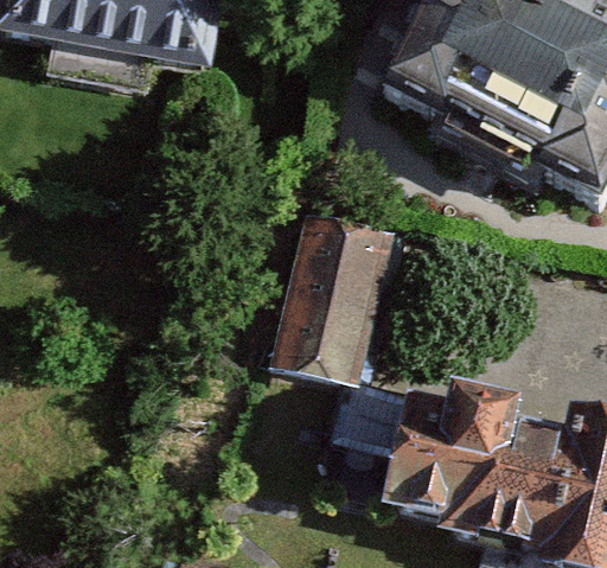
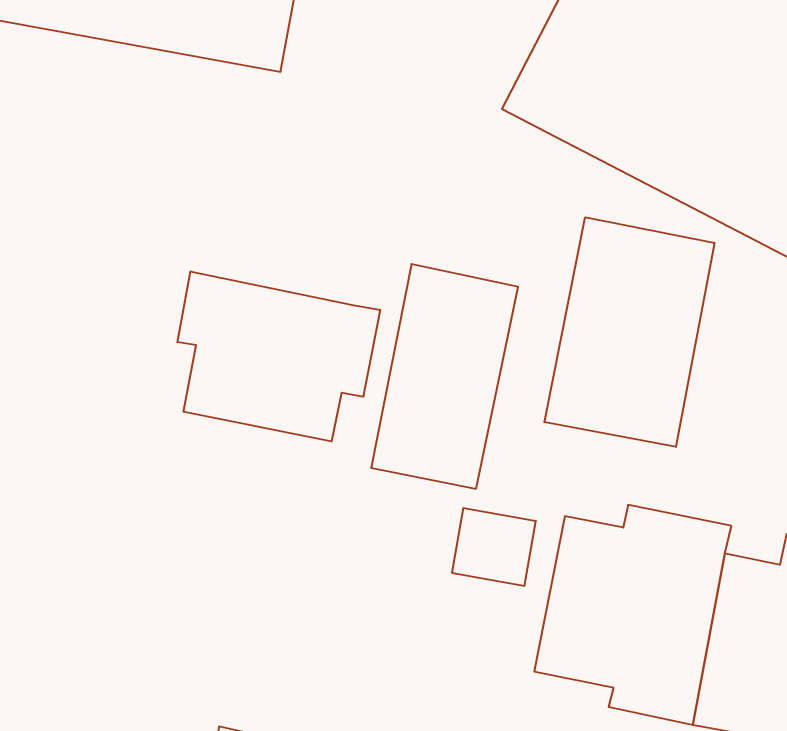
building: none -> [544,217,714,447]
building: none -> [177,271,380,441]

